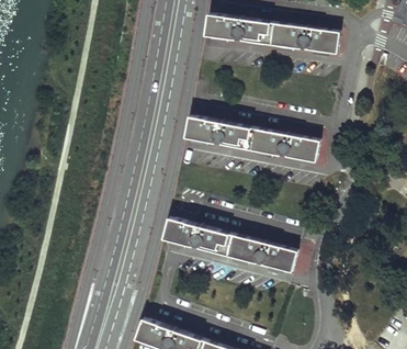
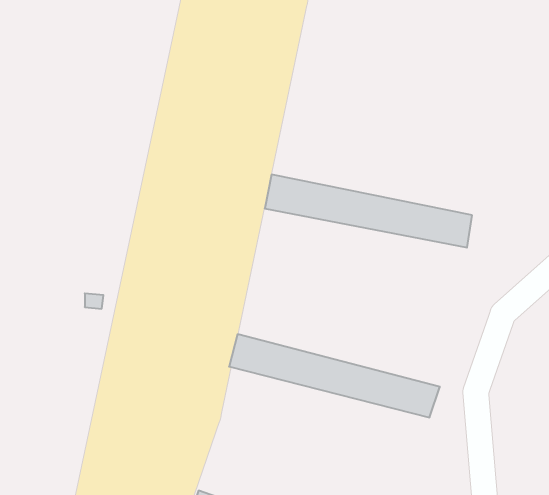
building: [204,15,339,55] -> none

